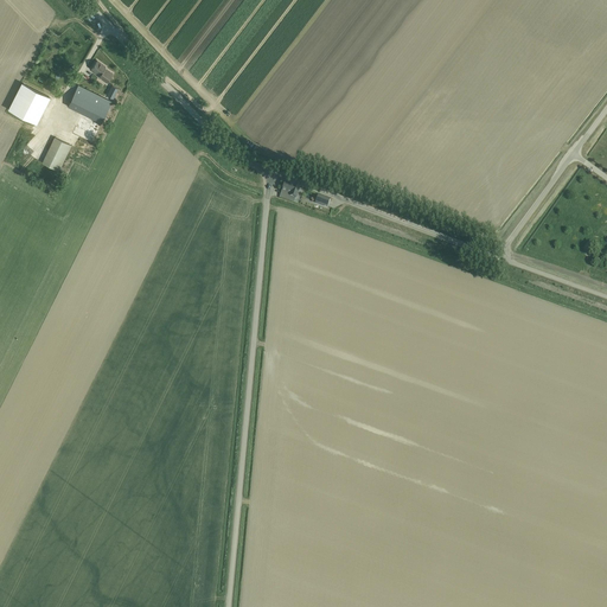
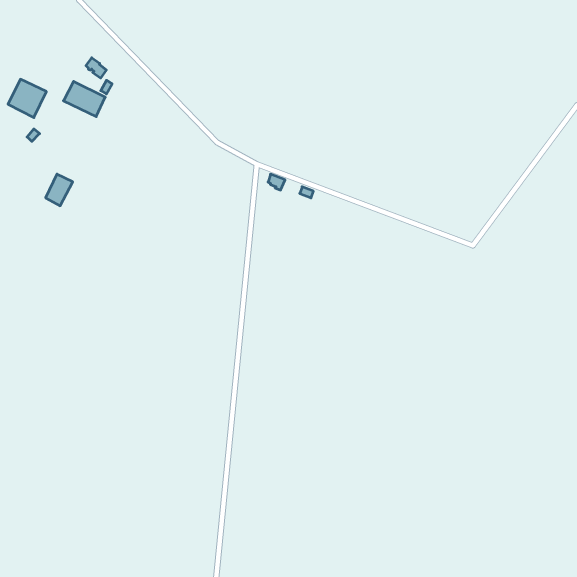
building: [41,139,70,172] -> [46,174,73,206]

